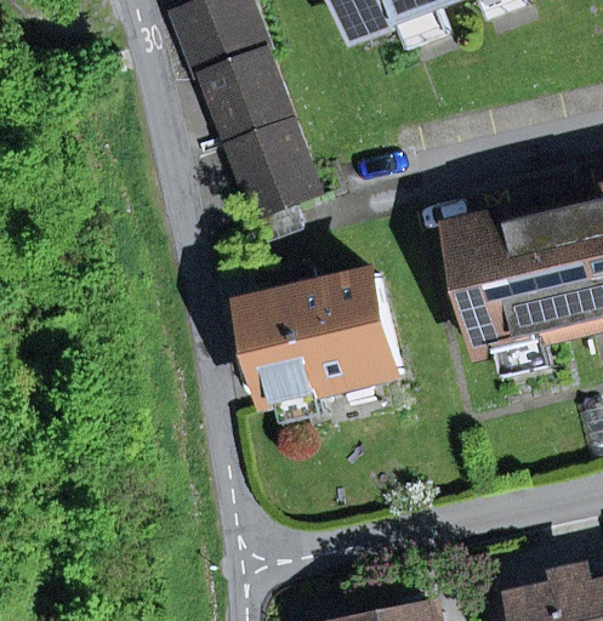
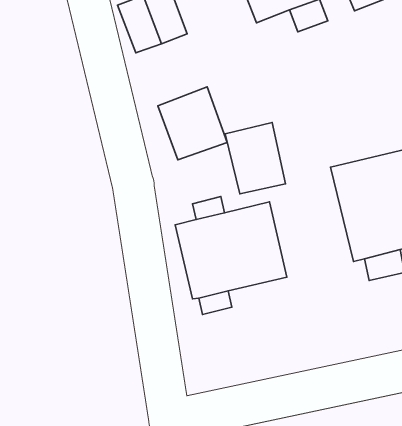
building: [198,46,289,142] -> none
building: none -> [225,123,286,194]

